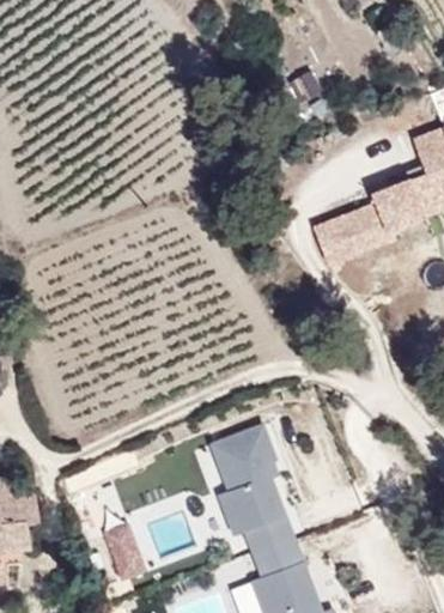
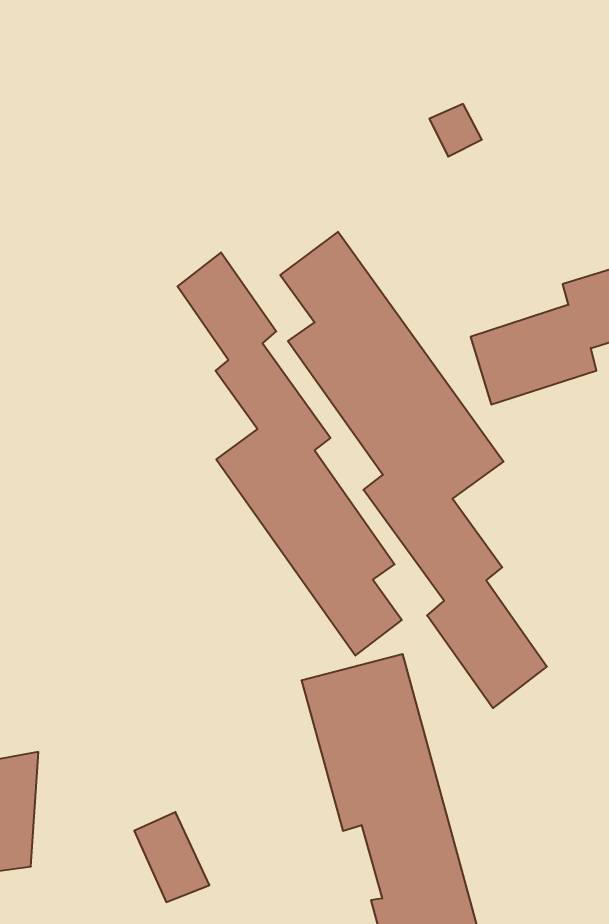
building: none -> [280,232,547,708]
building: none -> [177,252,402,656]

